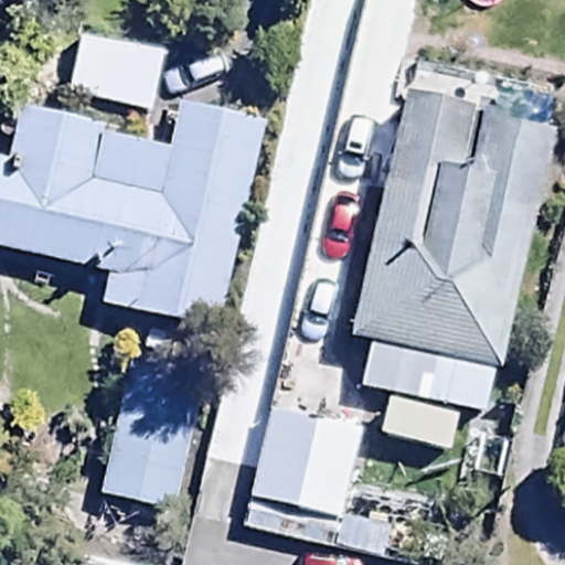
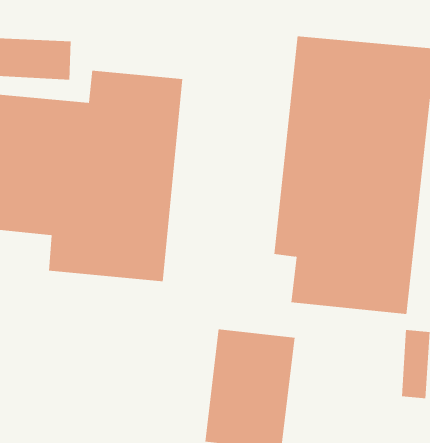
building: [103,379,201,508] -> none

